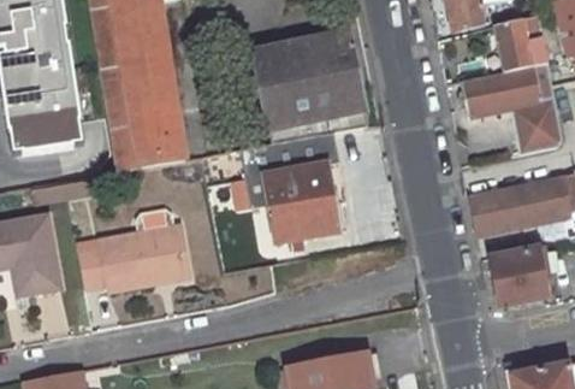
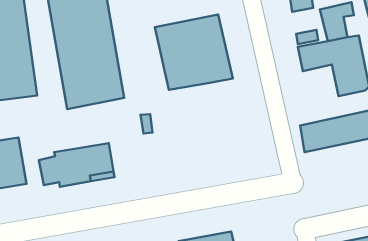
building: [227,135,342,244] -> none
building: [492,247,550,306] -> none

